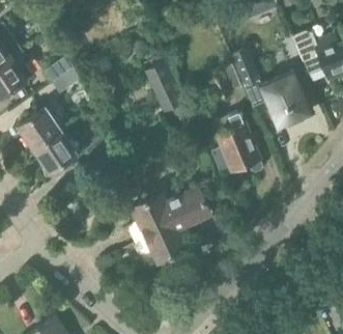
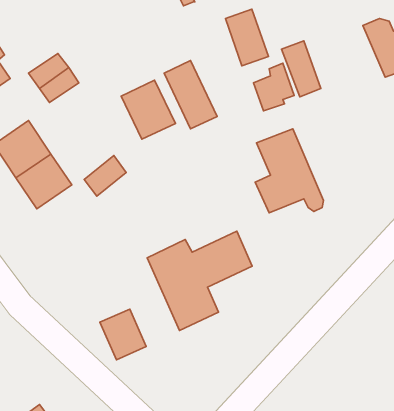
building: none -> [225,9,269,66]
building: [261,73,310,129] -> none
building: none -> [121,80,175,139]
building: none -> [100,309,146,360]

